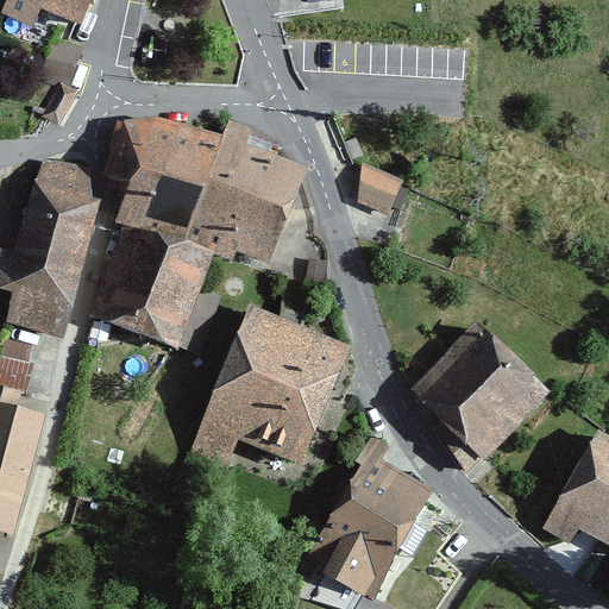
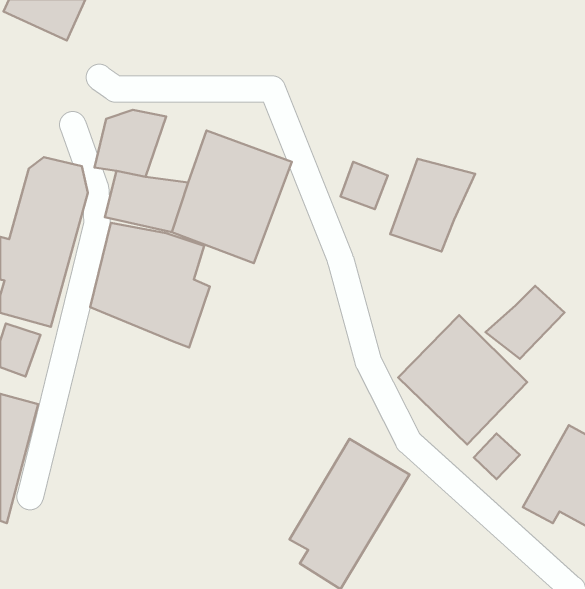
building: [155,120,218,188] -> none
building: none -> [390,159,475,252]
building: none -> [486,286,564,359]
building: [192,307,346,476] -> none
building: none -> [474,433,520,479]

